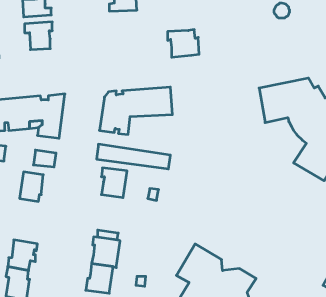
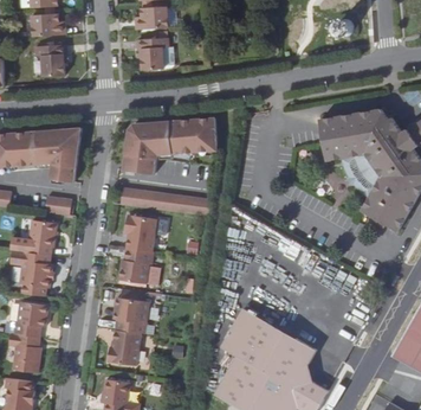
building: [168,30,199,57] -> [138,34,176,68]
building: none -> [121,248,155,283]
building: none -> [21,251,53,289]

